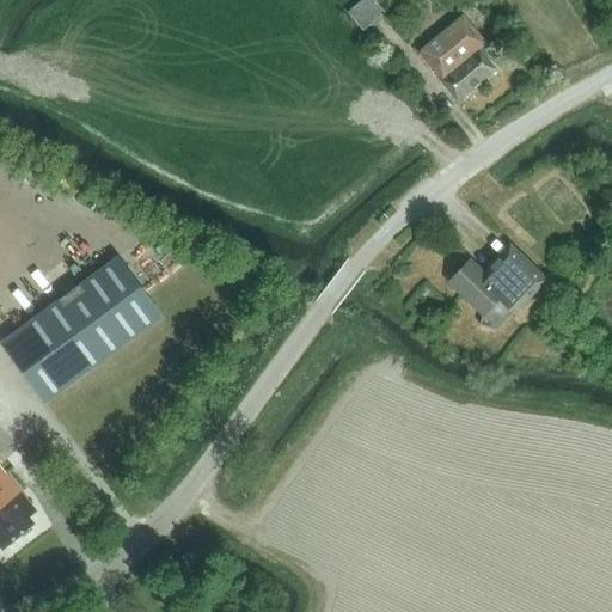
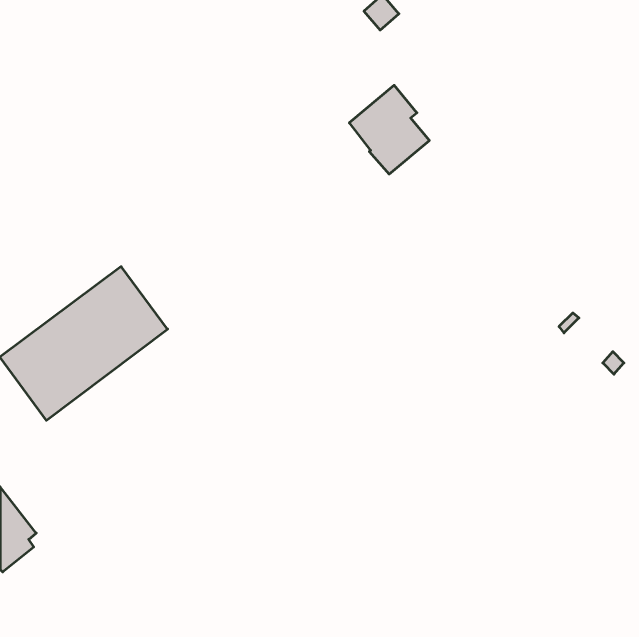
building: [420,14,496,99] -> [349,85,429,174]
building: [448,241,547,328] -> none

